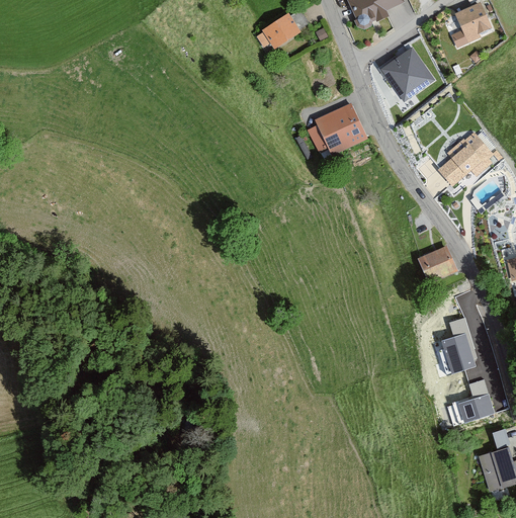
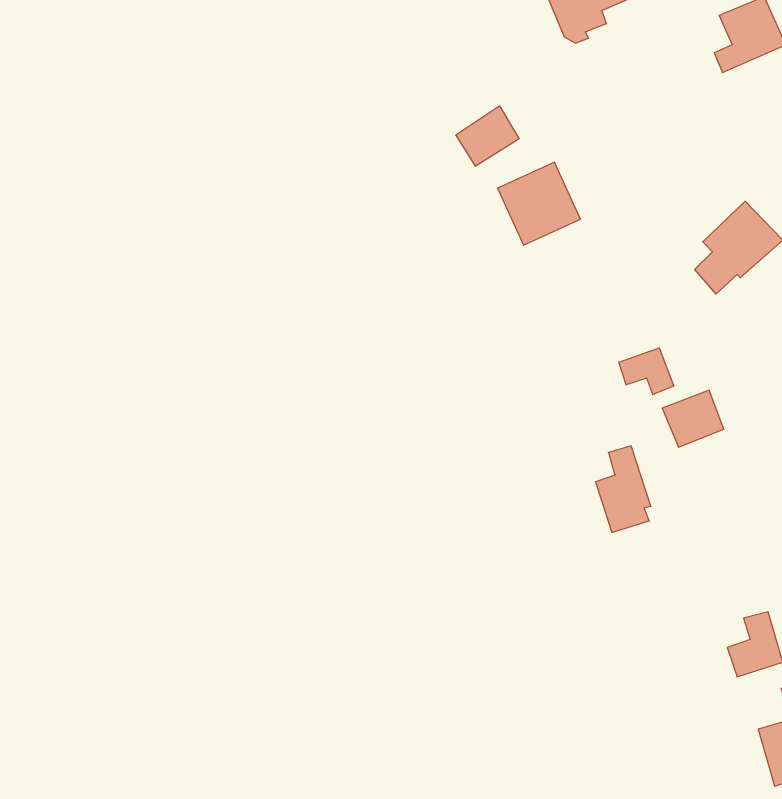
building: [262,12,302,50] -> [456,106,519,166]
building: [381,49,432,100] -> none
building: none -> [619,348,674,395]
building: [441,321,476,374] -> [595,446,651,532]

